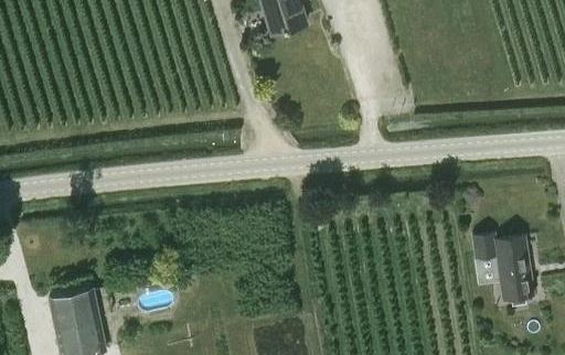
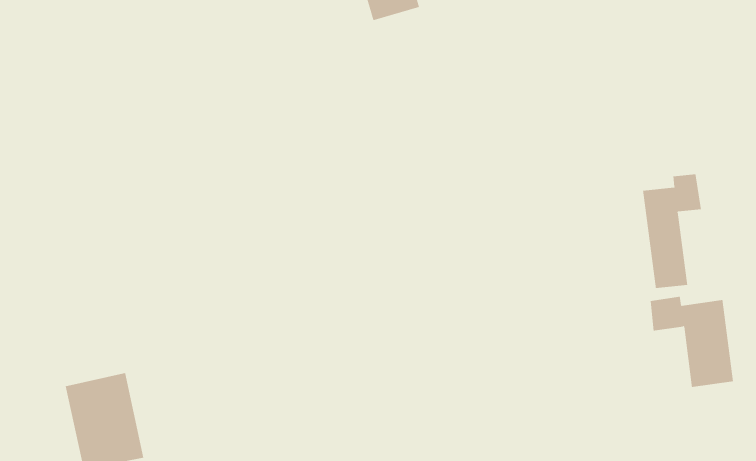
building: none -> [643,174,701,289]

